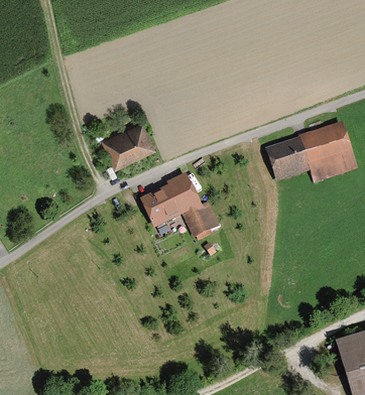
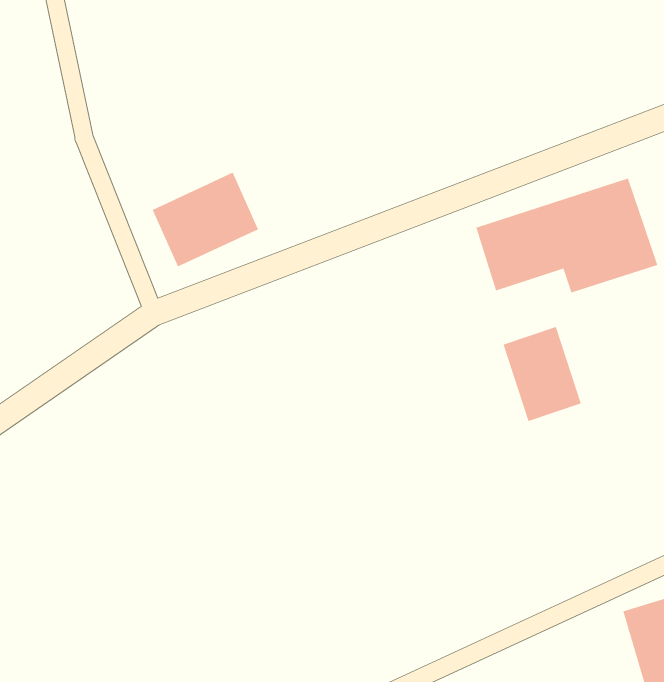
building: [135,178,218,240] -> none
building: none -> [503,326,581,422]

